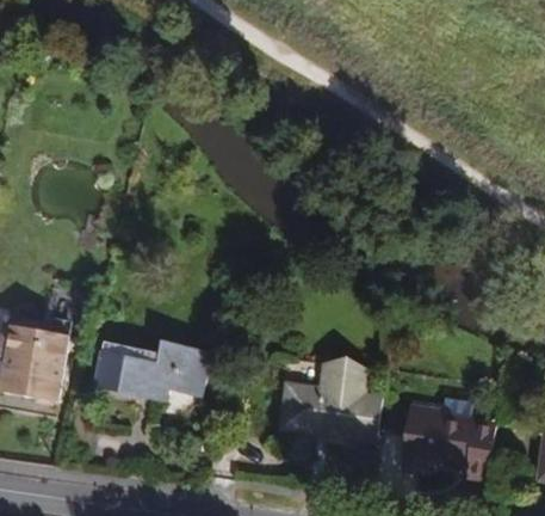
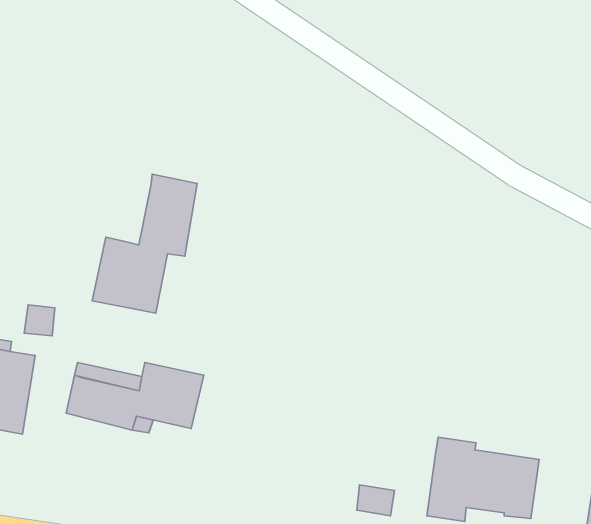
building: none -> [92,174,197,313]
building: [281,364,380,442] -> none

